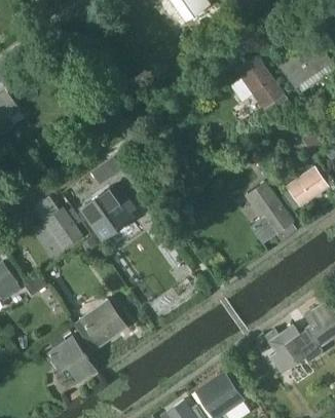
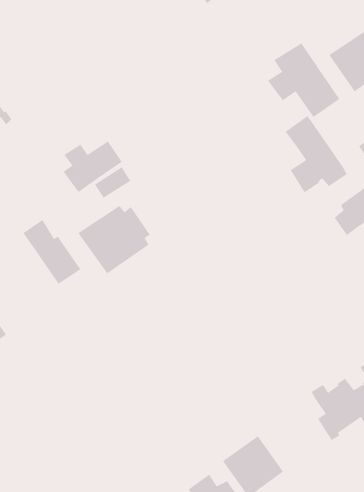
building: none -> [63,140,123,193]
building: [247,183,297,245] -> [285,115,348,193]
building: [80,300,126,346] -> none
building: [48,337,97,384] -> none

